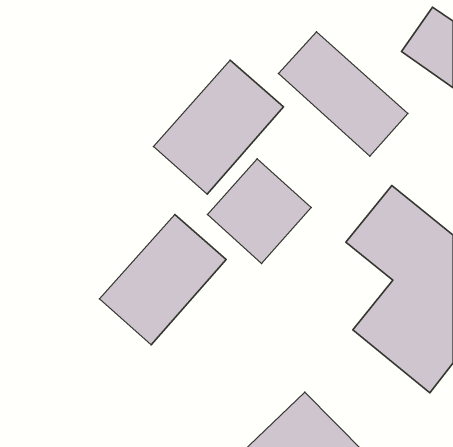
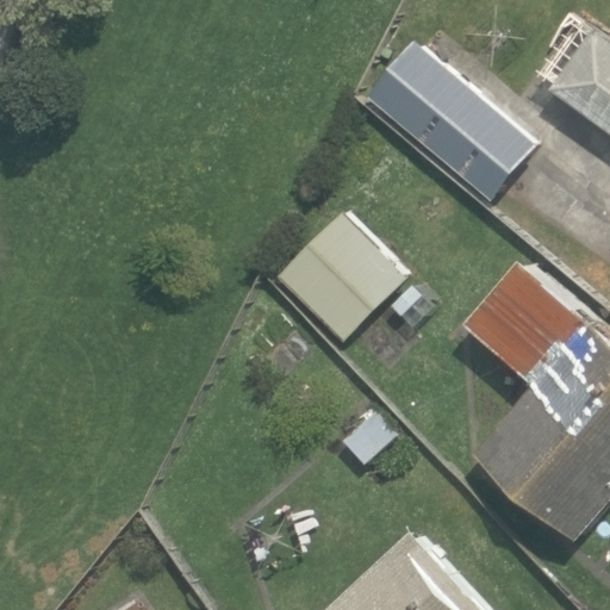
building: [153,60,284,194] -> none
building: [100,214,226,345] -> none

